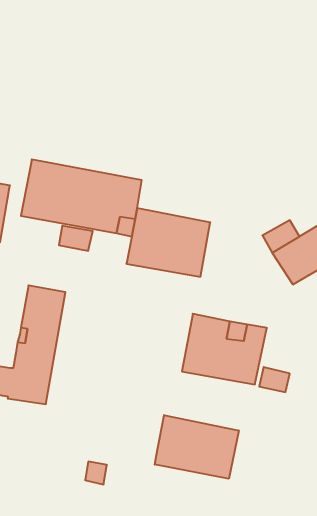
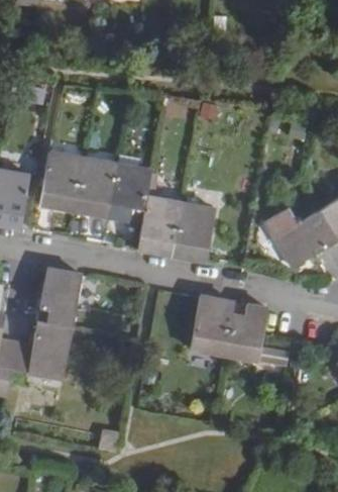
building: [155,415,239,479] -> none

